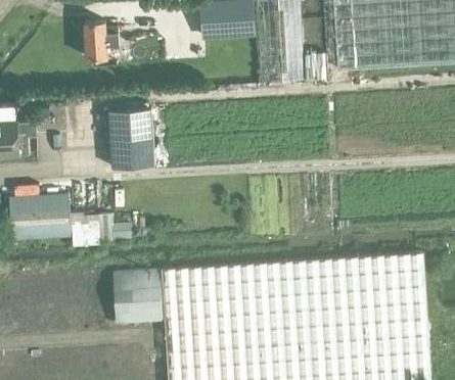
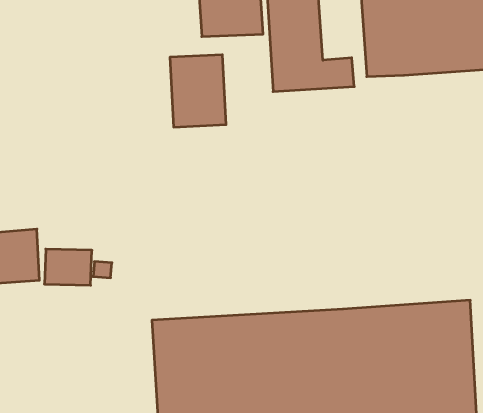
building: [86,21,120,58] -> none
building: [107,106,153,165] -> [170,55,226,127]
building: [112,270,164,325] -> none

